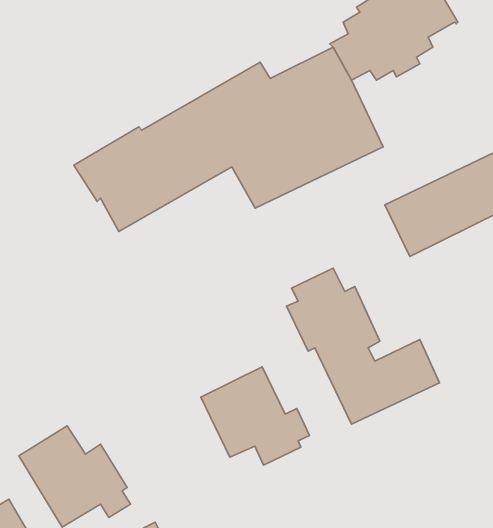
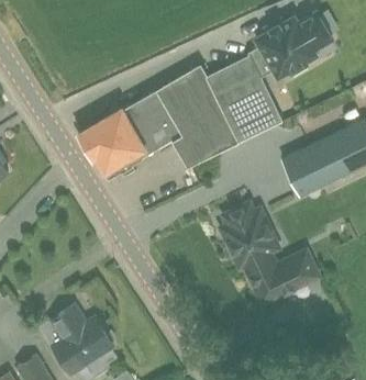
building: [201,367,310,465] -> none

